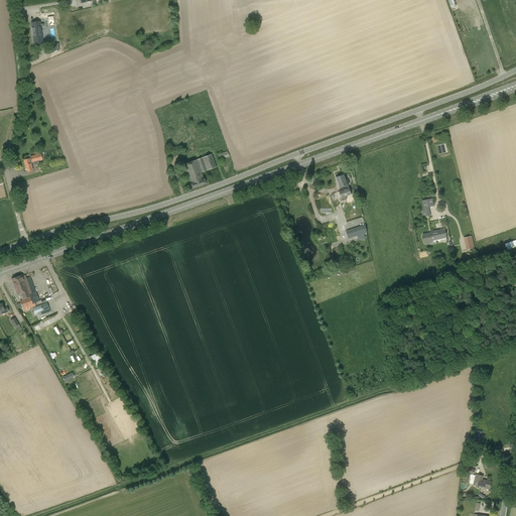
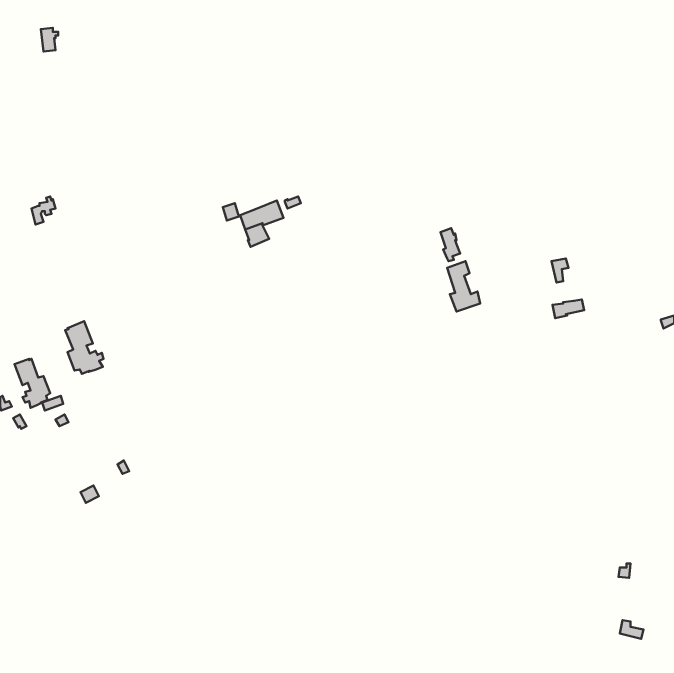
building: none -> [65,321,104,374]

